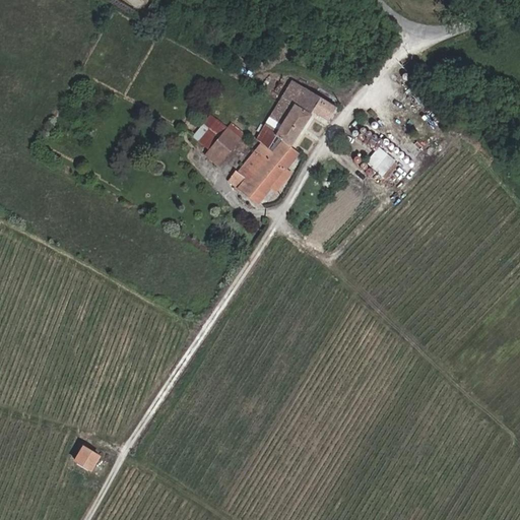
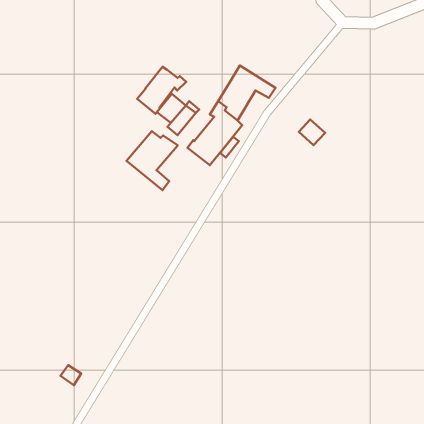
building: none -> [137,67,186,114]
building: none -> [127,131,178,190]

